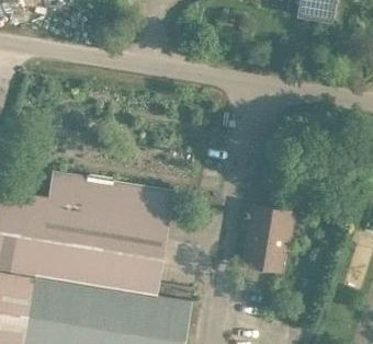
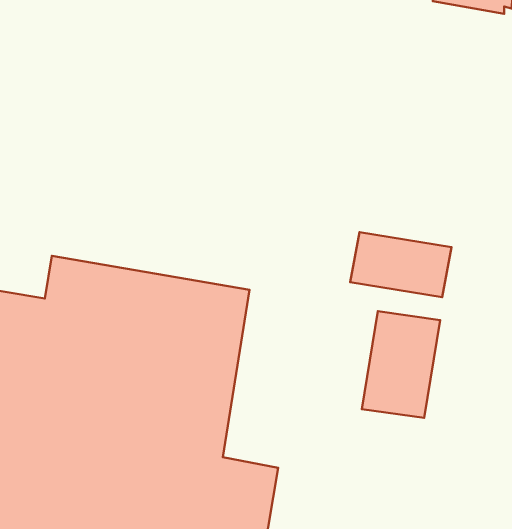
building: none -> [350,232,452,297]

